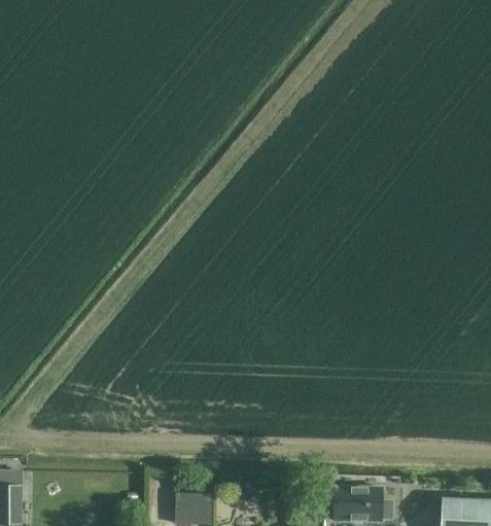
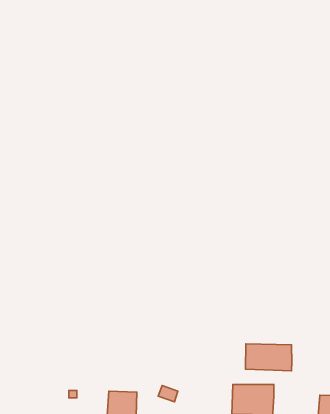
building: none -> [245,344,292,371]

